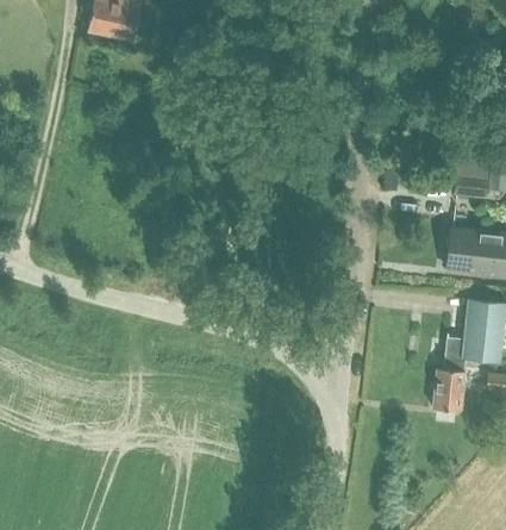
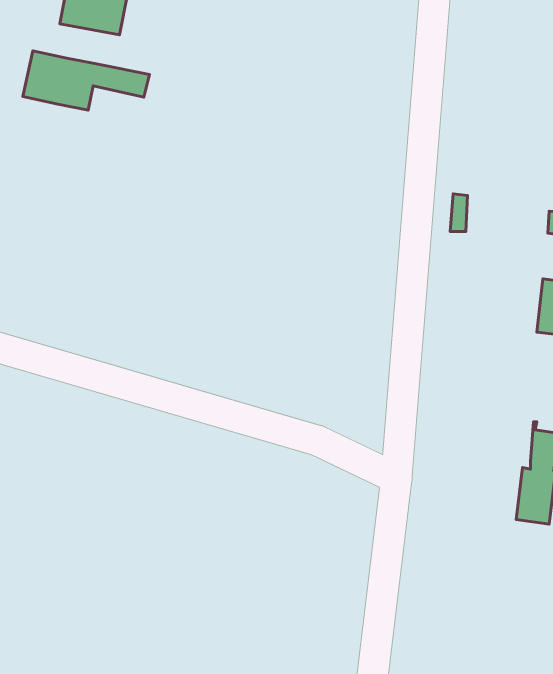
building: none -> [23,51,149,110]

